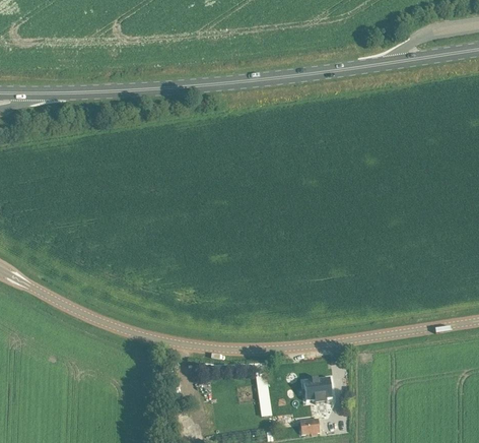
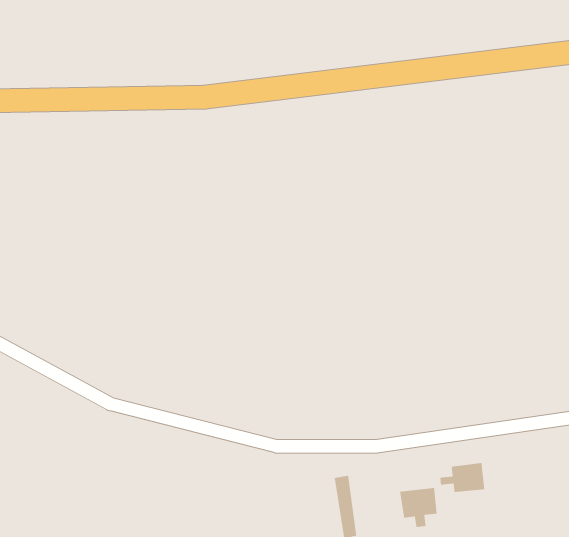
building: none -> [439,462,485,493]

